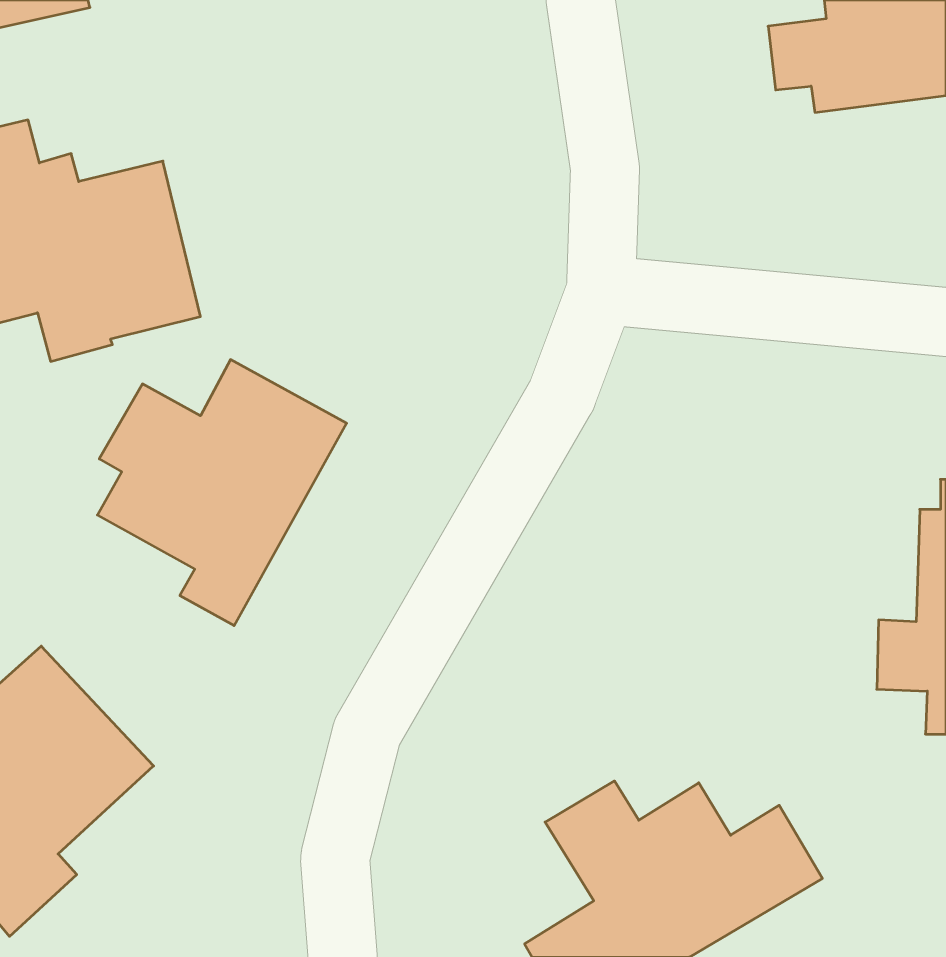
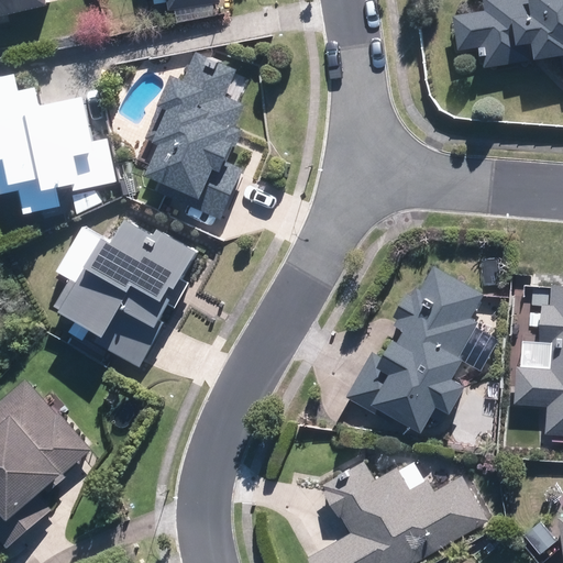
building: none -> [145,52,246,235]
building: none -> [346,257,503,430]

